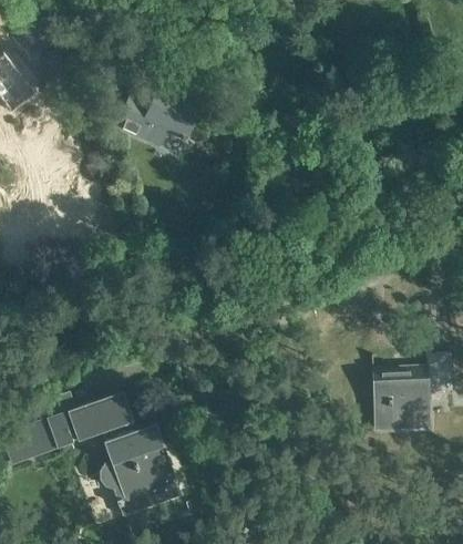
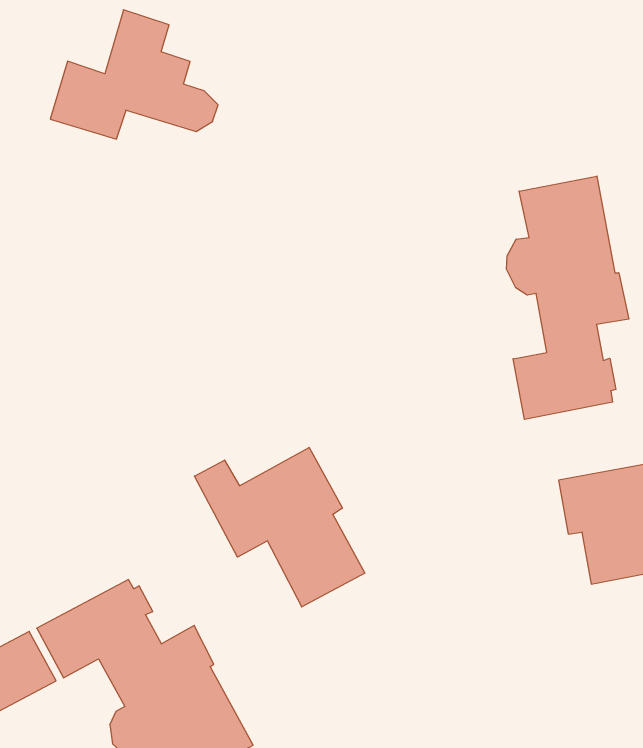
building: none -> [506,176,629,419]
building: none -> [194,447,365,607]

